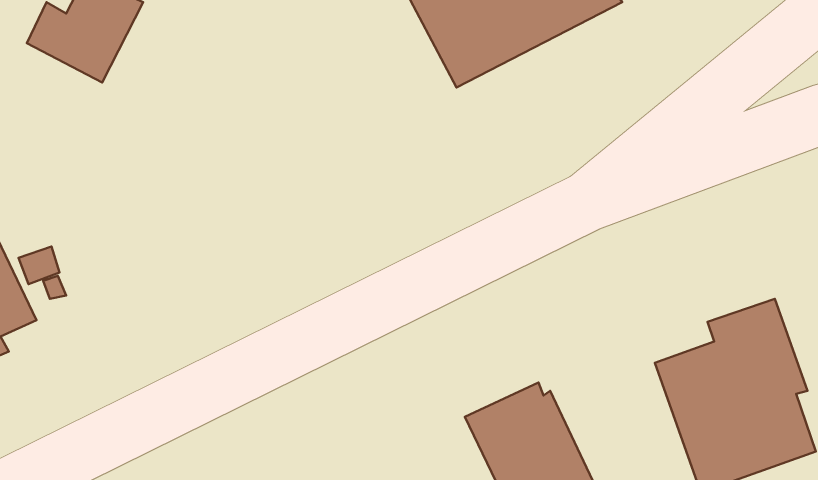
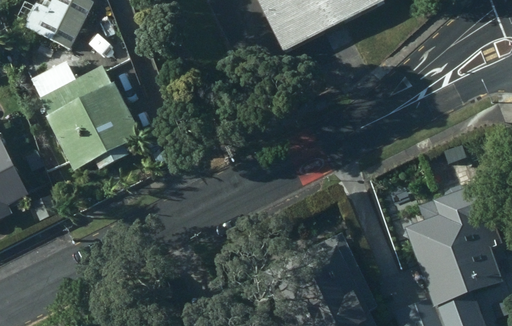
building: none -> [36,69,141,174]

